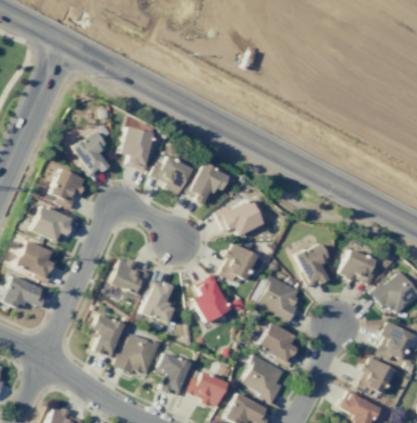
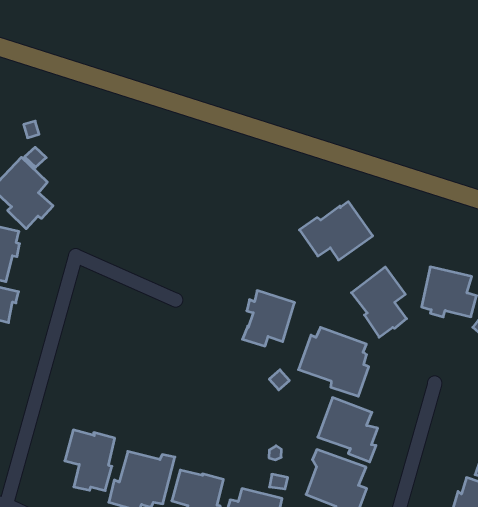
building: [120,126,154,171] -> none
building: [151,156,192,194] -> none
building: [186,161,229,204] -> none
building: [216,199,263,236] -> [299,202,373,260]
building: [110,258,151,295] -> none
building: [192,273,229,322] -> none
building: [141,278,174,323] -> none

